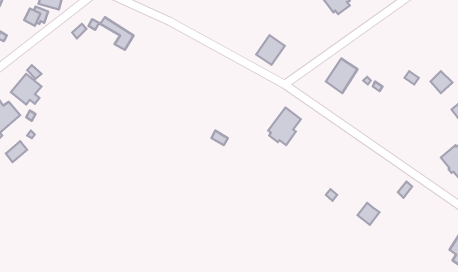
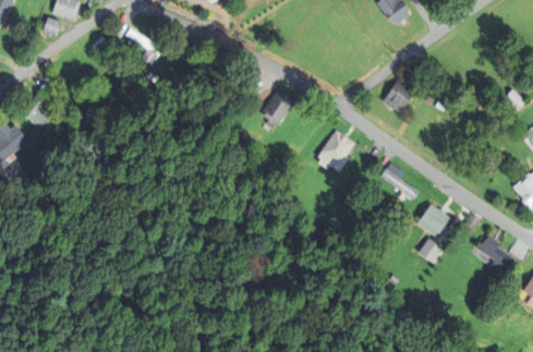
building: [256,35,285,65] -> [259,89,292,123]
building: none -> [378,163,417,201]
building: none -> [415,204,448,240]
building: none -> [476,235,511,269]

